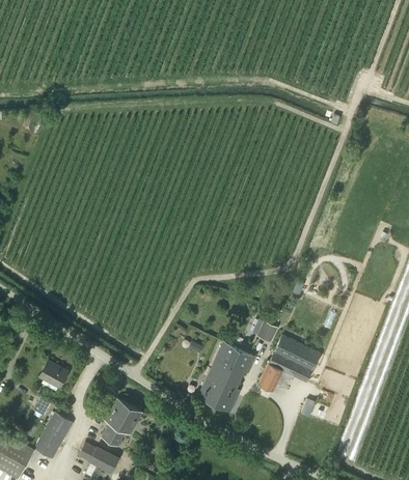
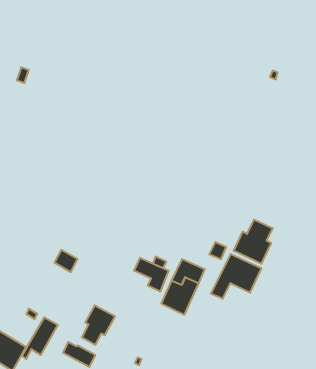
building: none -> [234,220,273,264]
building: none -> [134,258,169,292]
building: [39,360,67,387] -> [54,250,78,272]

